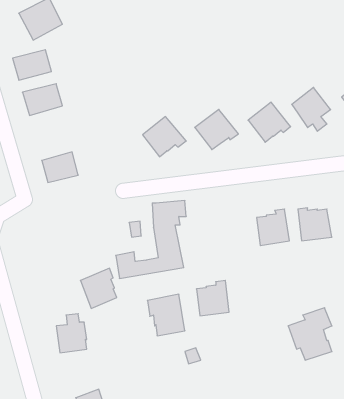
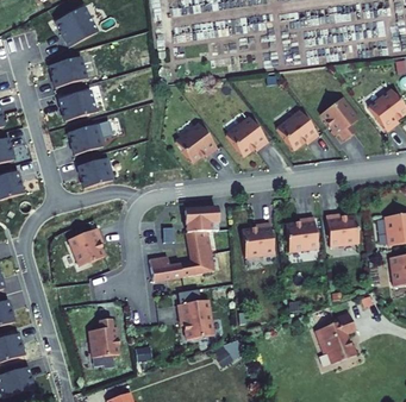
building: none -> [67,125,101,156]
building: [80,268,117,308] -> [68,224,104,263]
building: [196,280,229,316] -> [242,220,274,255]

